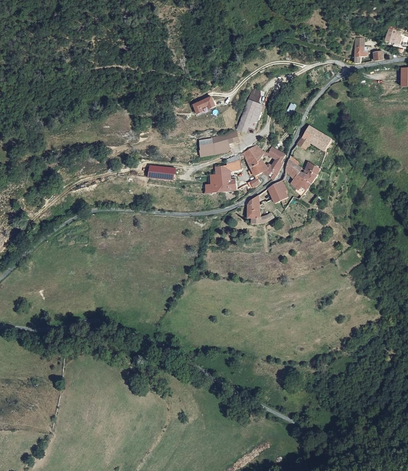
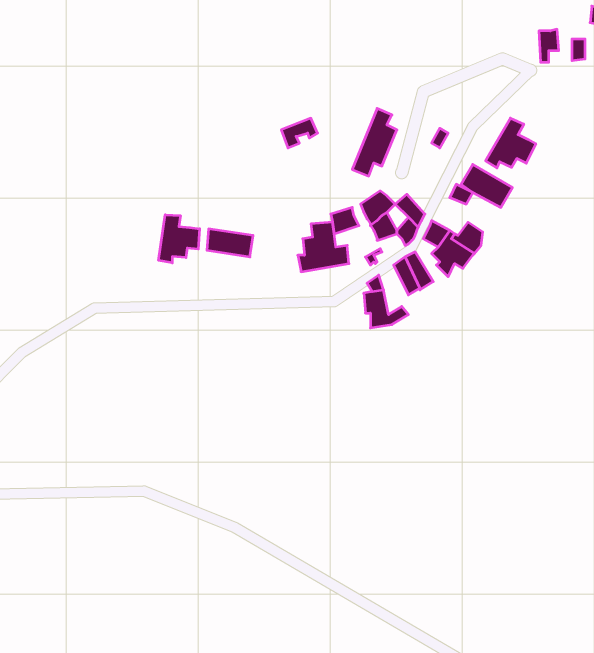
building: none -> [486,118,536,168]
building: [198,130,237,155] -> none
building: none -> [159,215,200,263]

